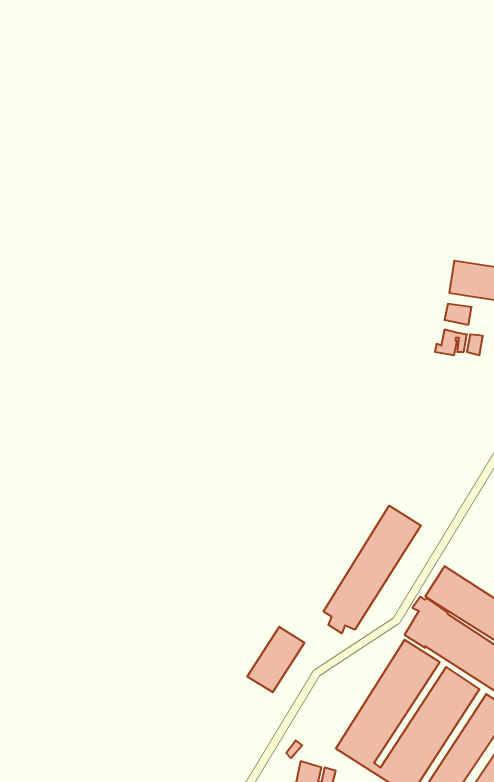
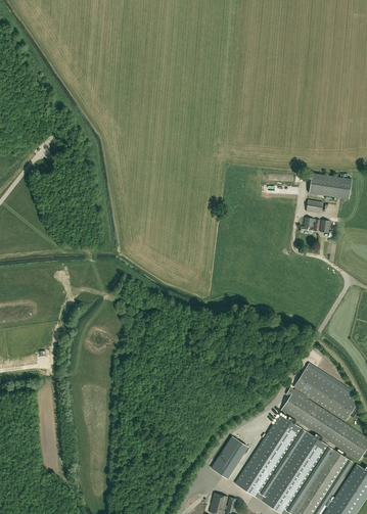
building: [324,506,421,633] -> none
building: [247,627,305,692] -> [212,436,248,478]

